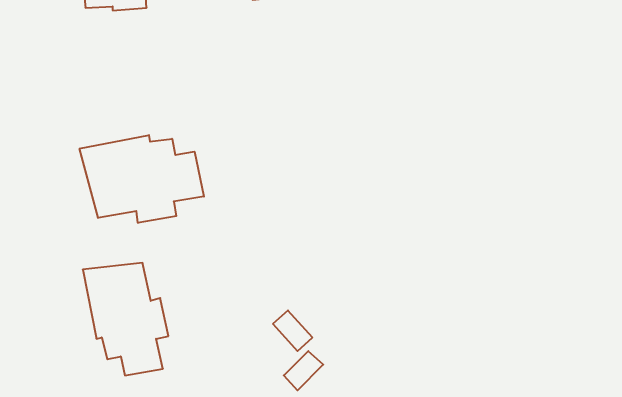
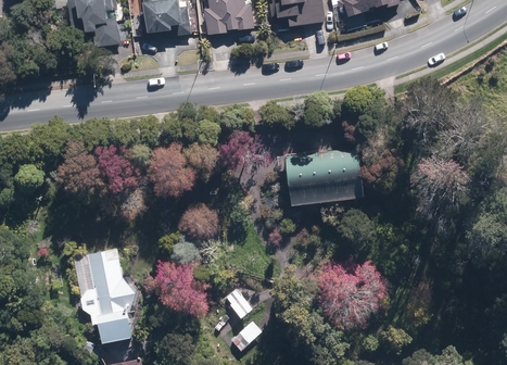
building: [80,135,204,223] -> none
building: none -> [275,149,362,201]

